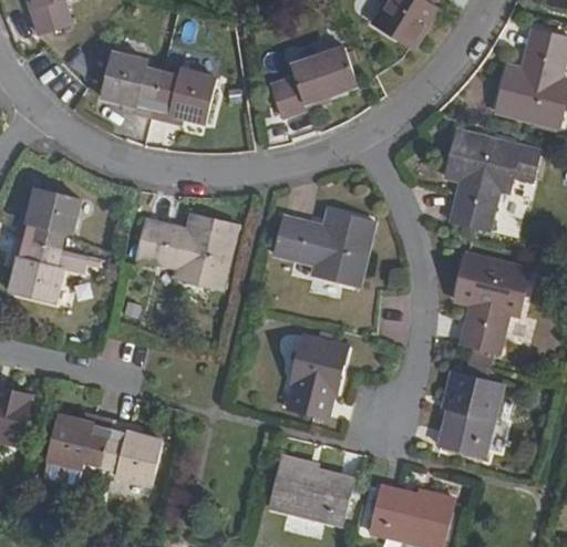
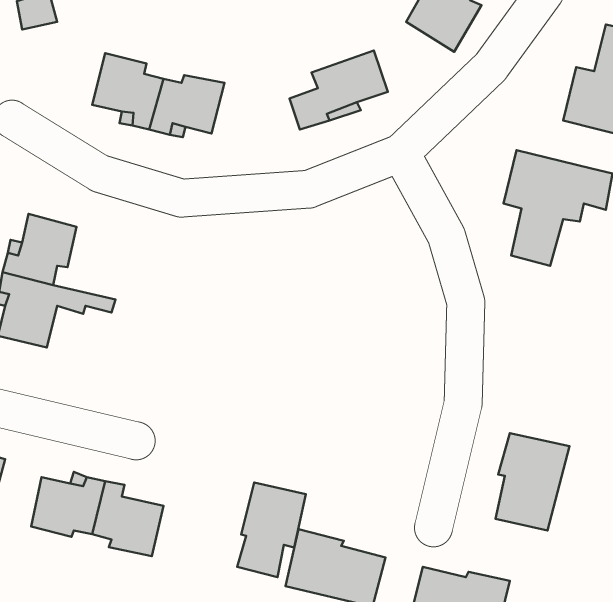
building: [272,210,370,286] -> none
building: [134,224,233,300] -> none
building: [458,256,534,355] -> none
building: [286,337,344,417] -> [237,483,306,577]

